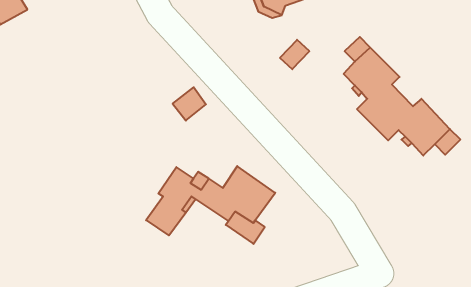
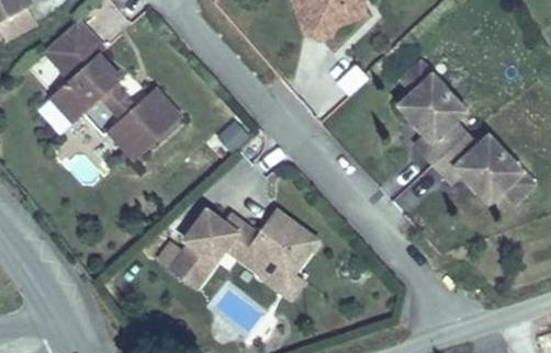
building: none -> [41,22,181,163]

